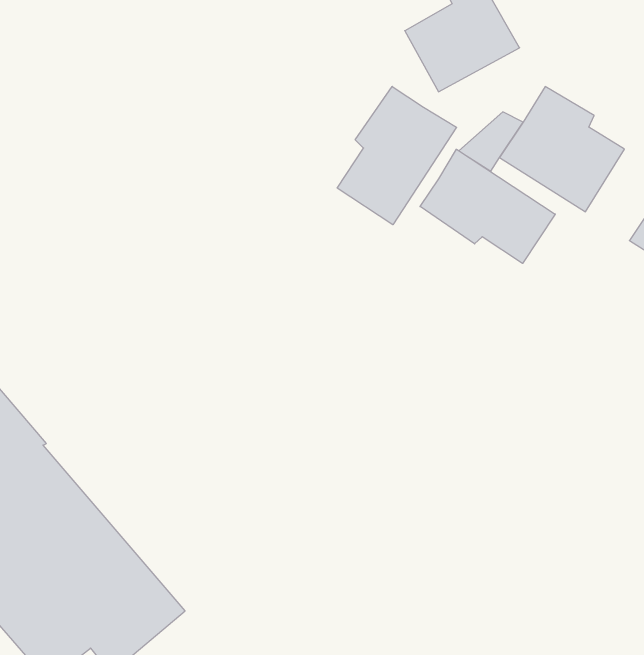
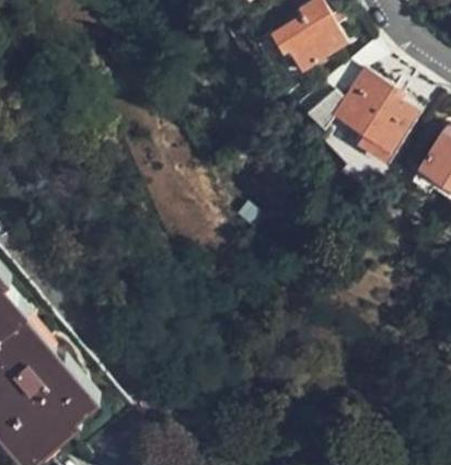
building: [337,86,457,225] -> none
building: [420,149,555,263] -> none

